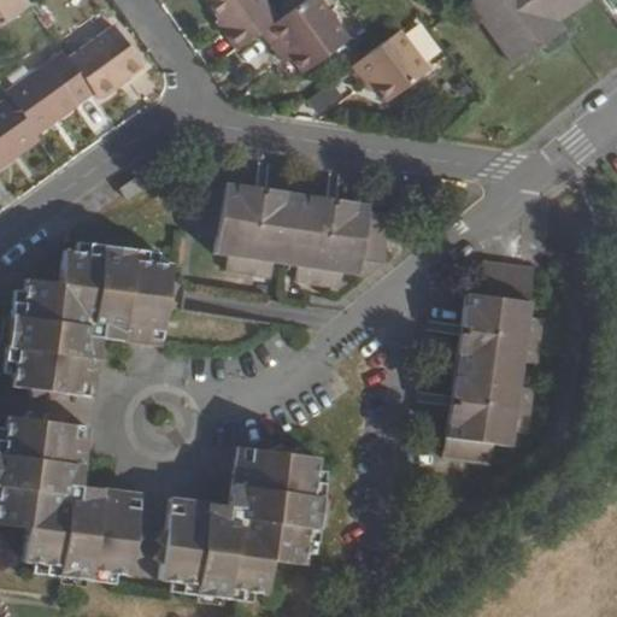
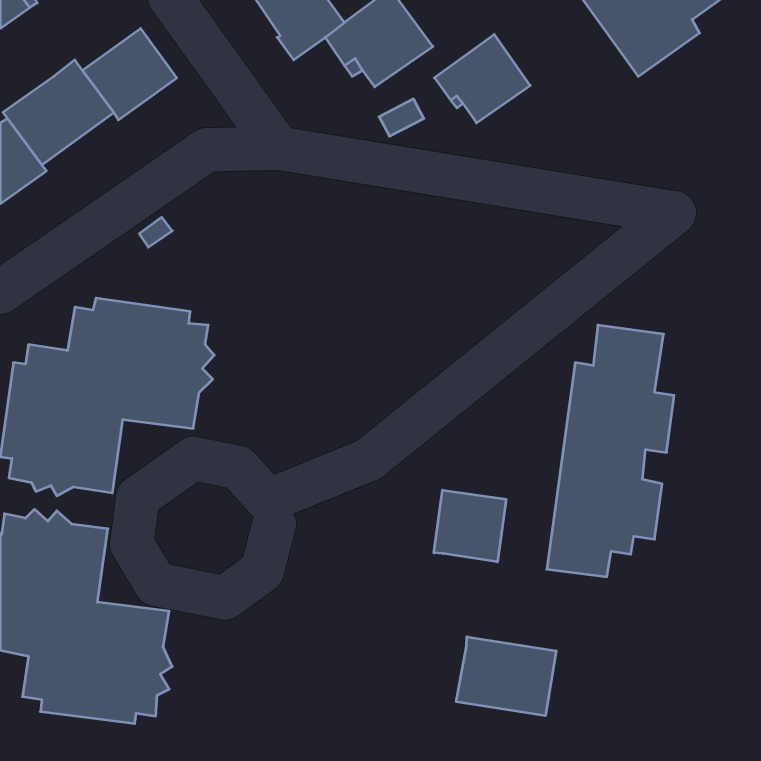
building: [199,184,398,284] -> none
building: none -> [434,490,506,562]
building: [154,442,328,603] -> none
building: none -> [456,637,556,716]

